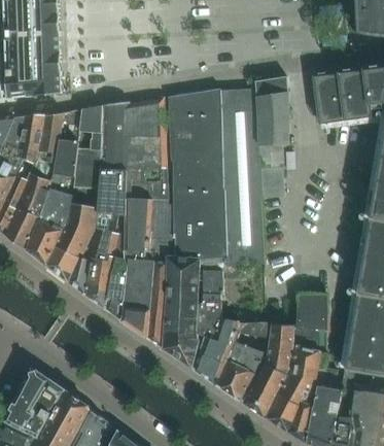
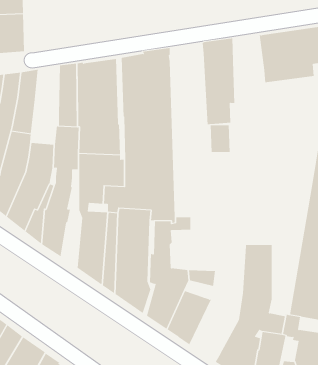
building: [218,93,263,265] -> none
building: [72,105,101,188] -> none
building: [104,233,126,318] -> none
building: [242,324,291,416] -> none

